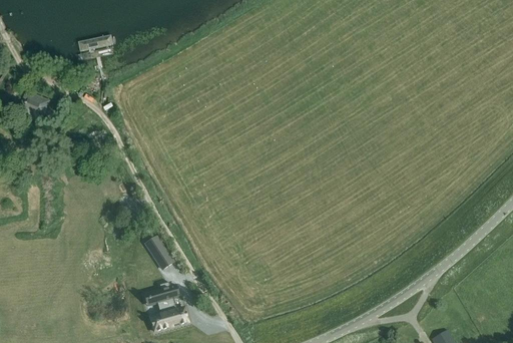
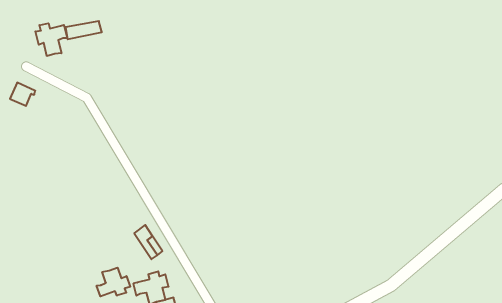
building: none -> [35,23,67,56]
building: none -> [97,268,130,296]

